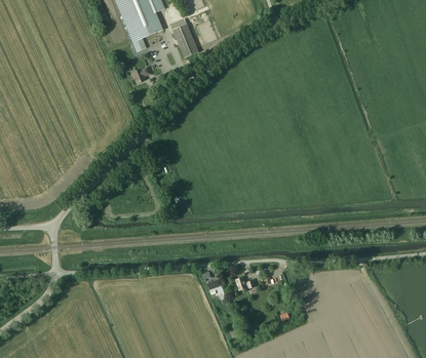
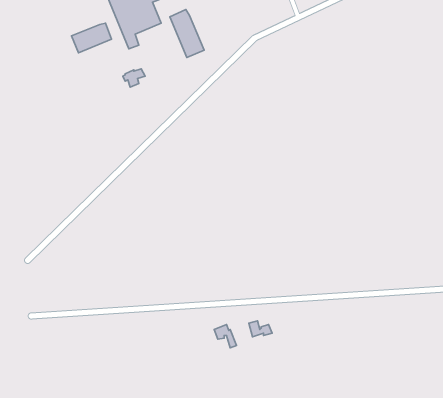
building: none -> [72,23,112,53]

